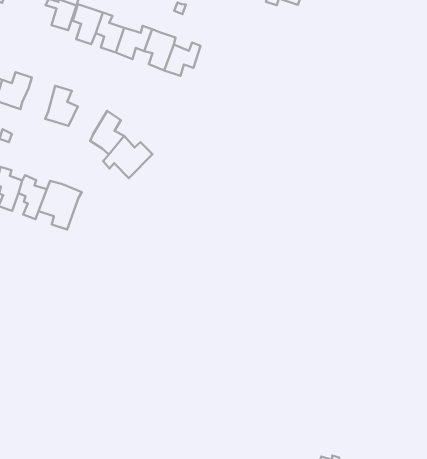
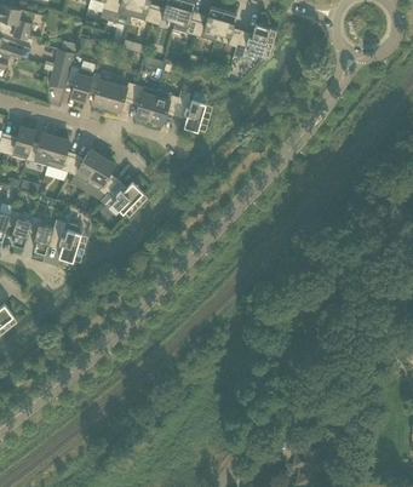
building: none -> [174,90,206,132]
building: none -> [27,134,56,167]
building: none -> [69,150,102,184]

